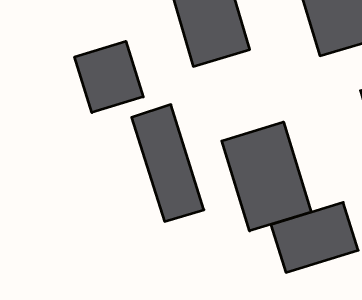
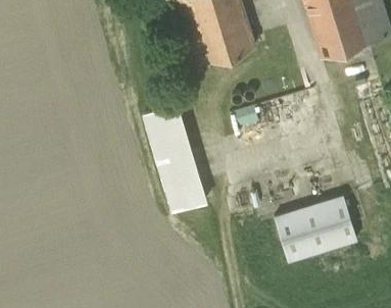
building: [75,41,143,113] -> none
building: [222,122,311,231] -> none

